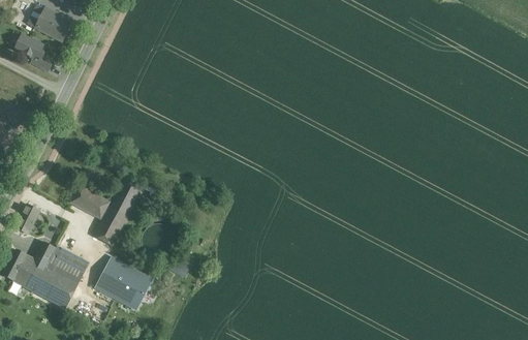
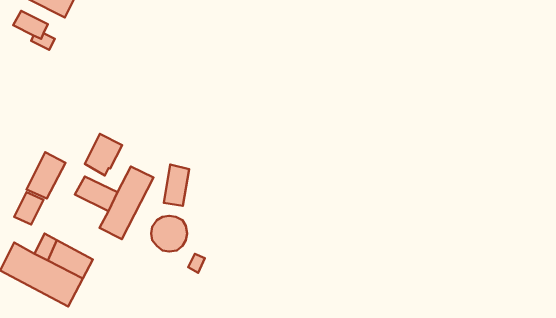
building: none -> [85,134,122,176]
building: none -> [26,152,65,199]
building: none -> [164,165,189,206]
building: [95,257,152,309] -> none

